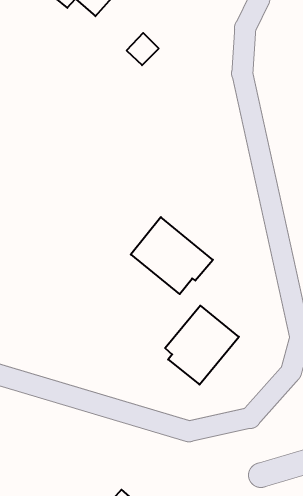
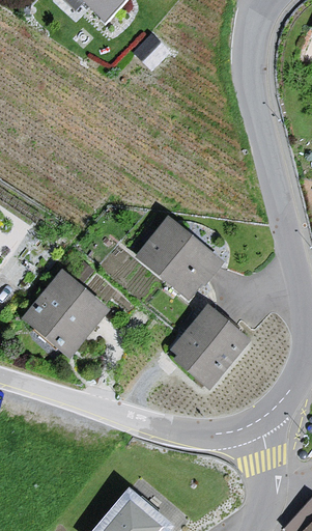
building: none -> [27,274,105,354]

